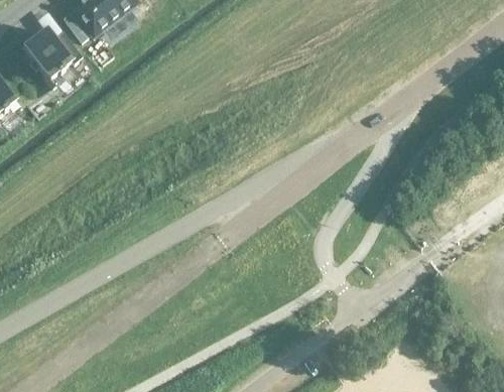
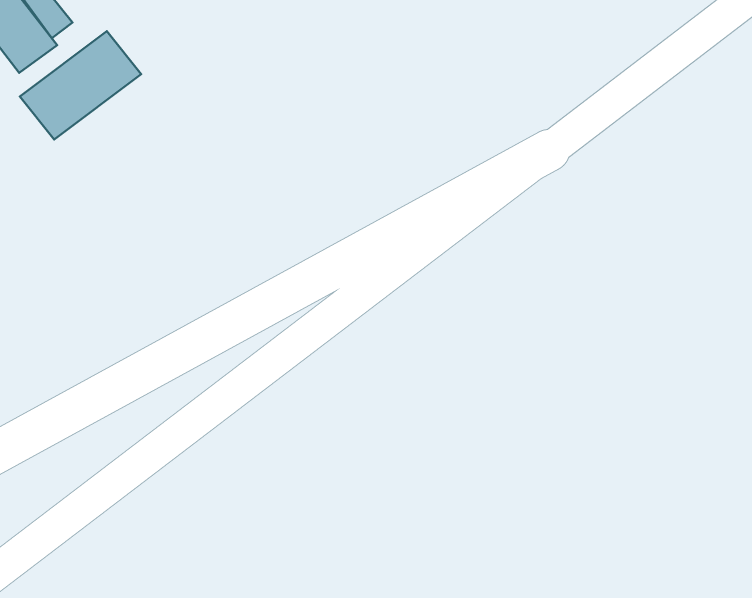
building: none -> [20,31,141,140]

